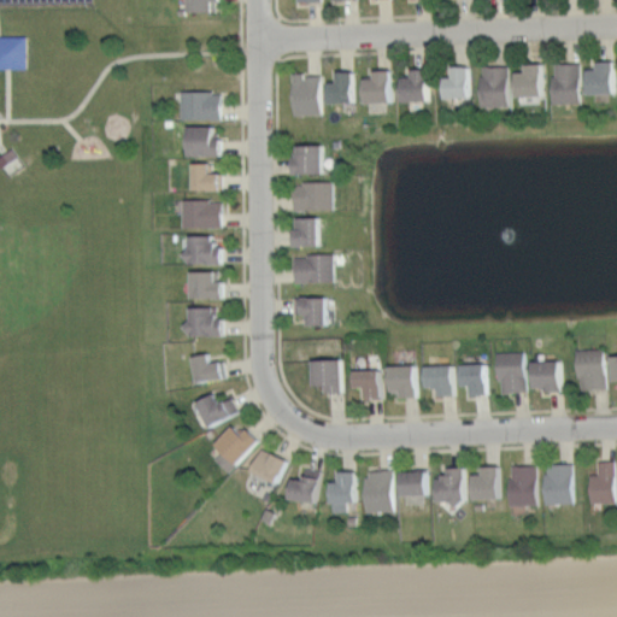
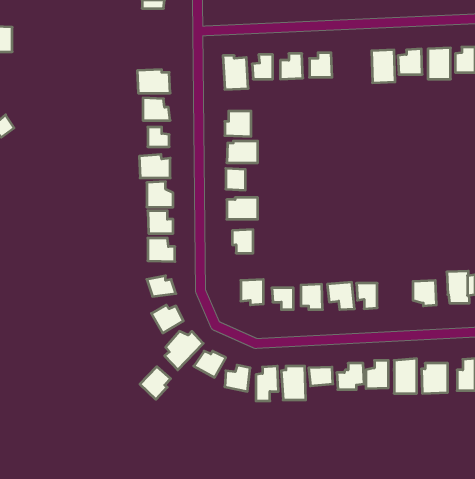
building: [439,67,466,100] -> none
building: [493,353,524,394] -> none
building: none -> [140,367,171,399]

